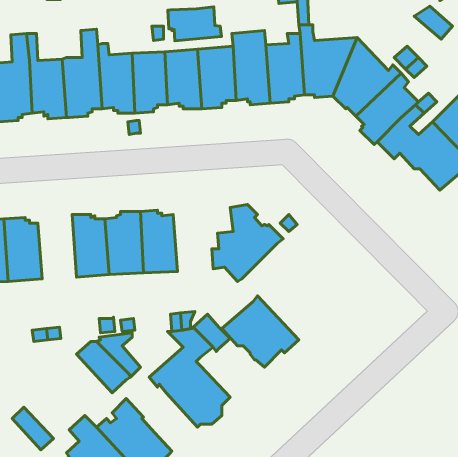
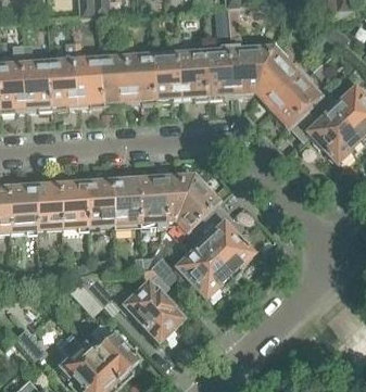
building: [168,7,222,41] -> none
building: none -> [135,173,180,227]
building: none -> [31,180,61,229]
building: none -> [187,202,252,276]

